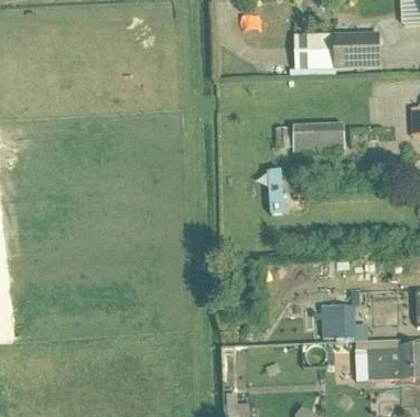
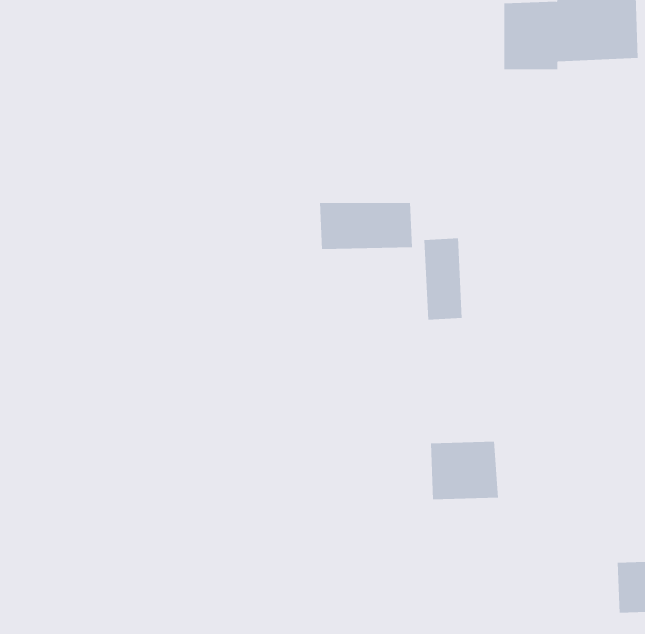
building: [291,125,344,151] -> [319,202,413,249]
building: [313,302,352,335] -> [430,441,499,500]

